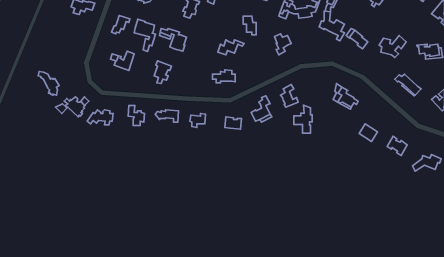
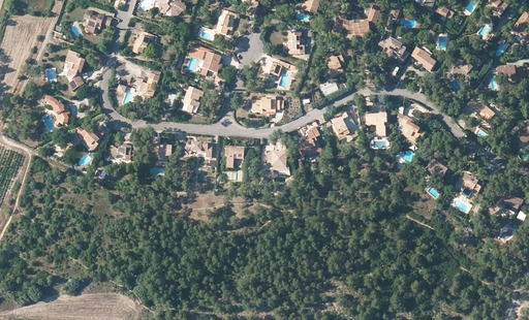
building: [134,19,155,51] -> none
building: none -> [66,53,84,90]
building: [294,105,312,133] -> [366,102,387,135]

